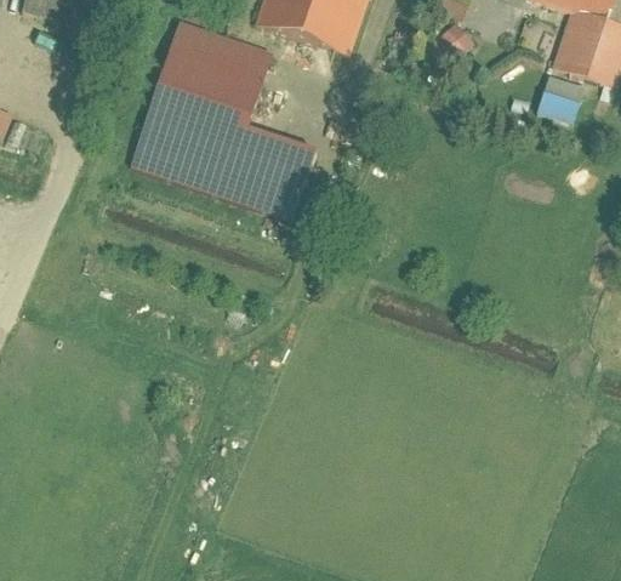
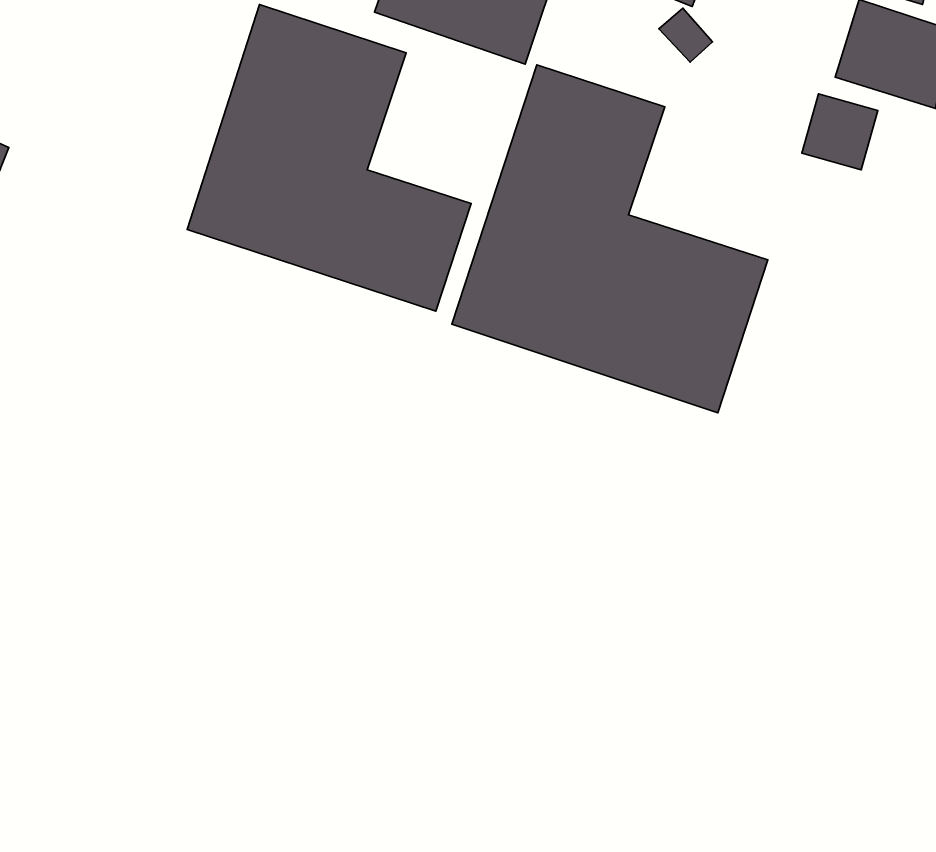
building: none -> [452,65,768,413]

